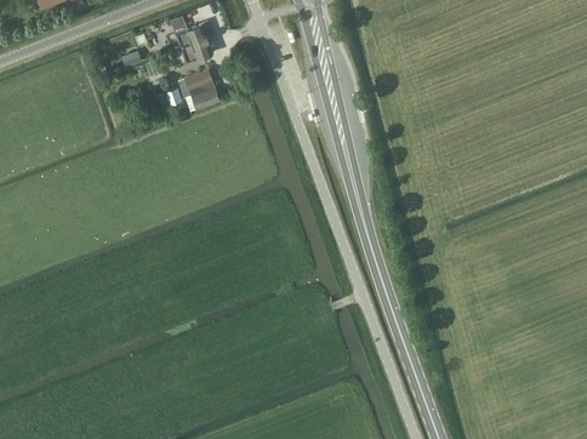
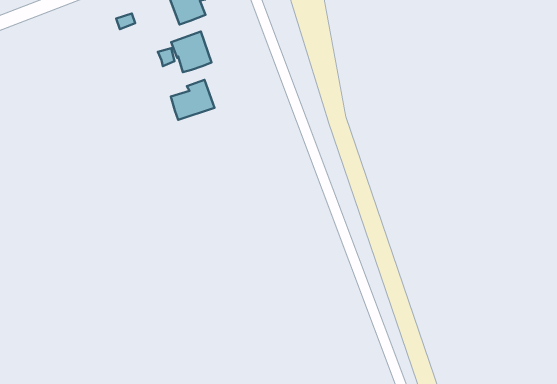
building: none -> [171,80,215,120]

